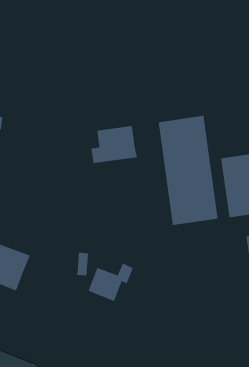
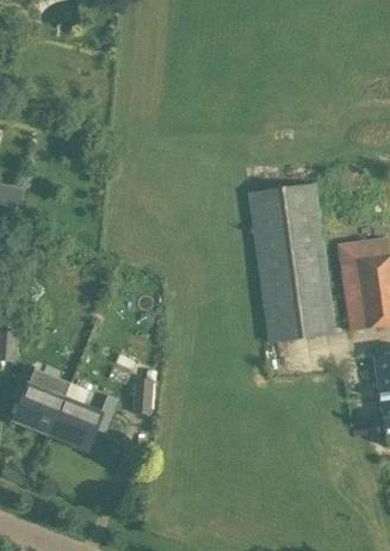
building: [90,125,138,164] -> none
building: [88,263,134,302] -> [49,394,114,450]

